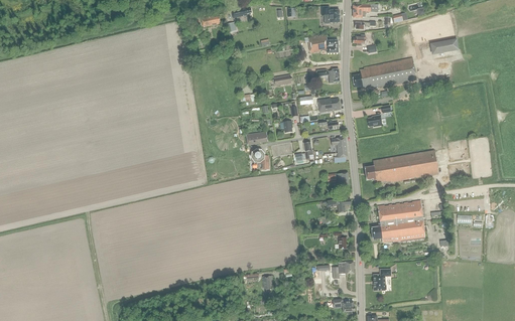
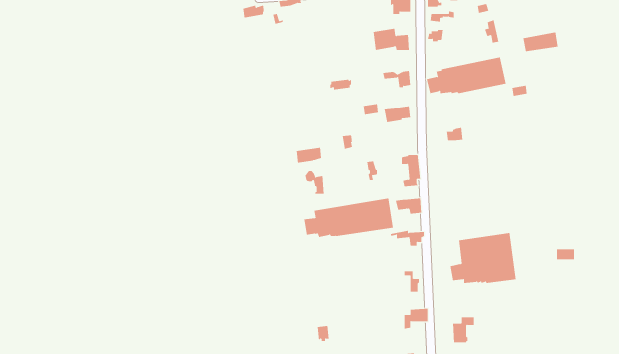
building: [365,150,438,182] -> [304,198,394,238]

